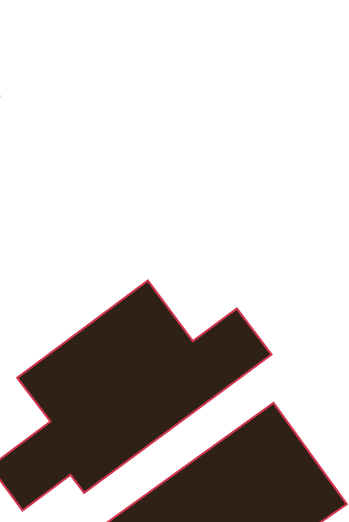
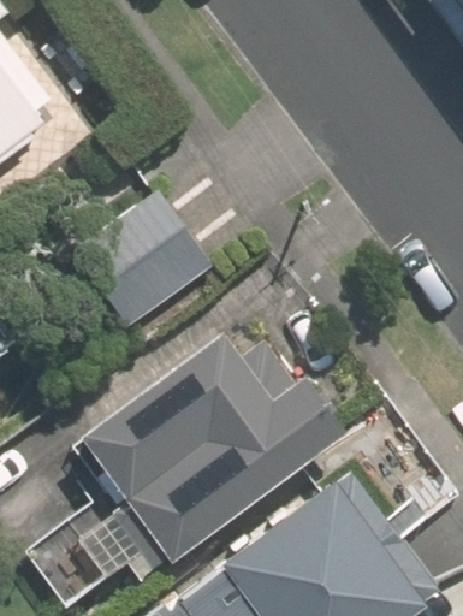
building: none -> [69,195,215,337]

